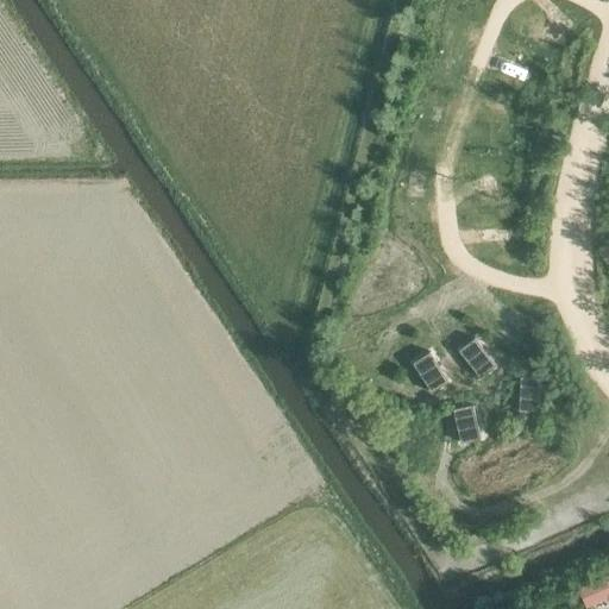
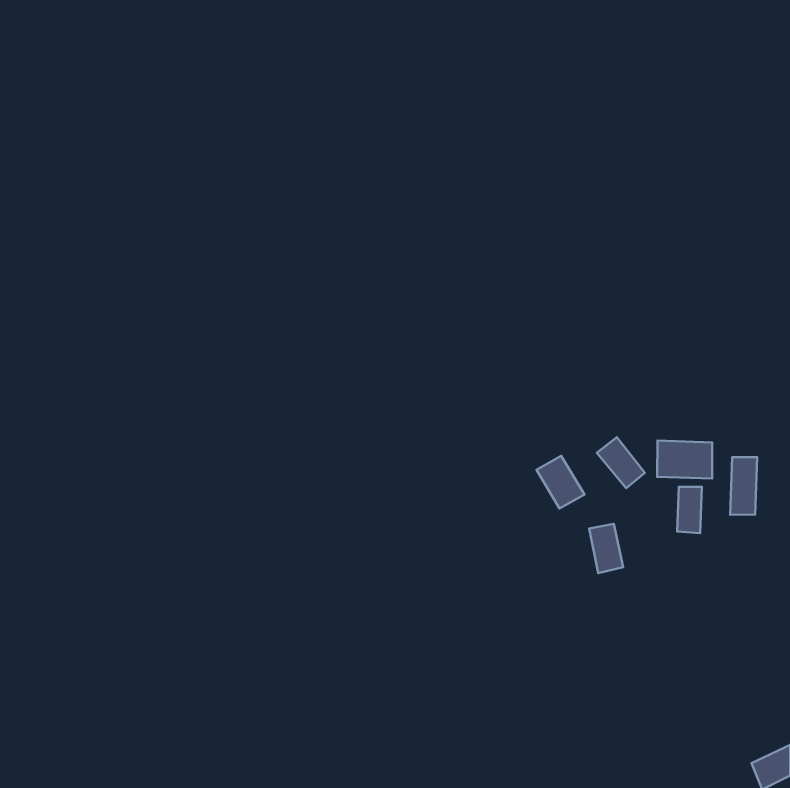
building: none -> [657,441,712,479]
building: none -> [730,457,757,515]

